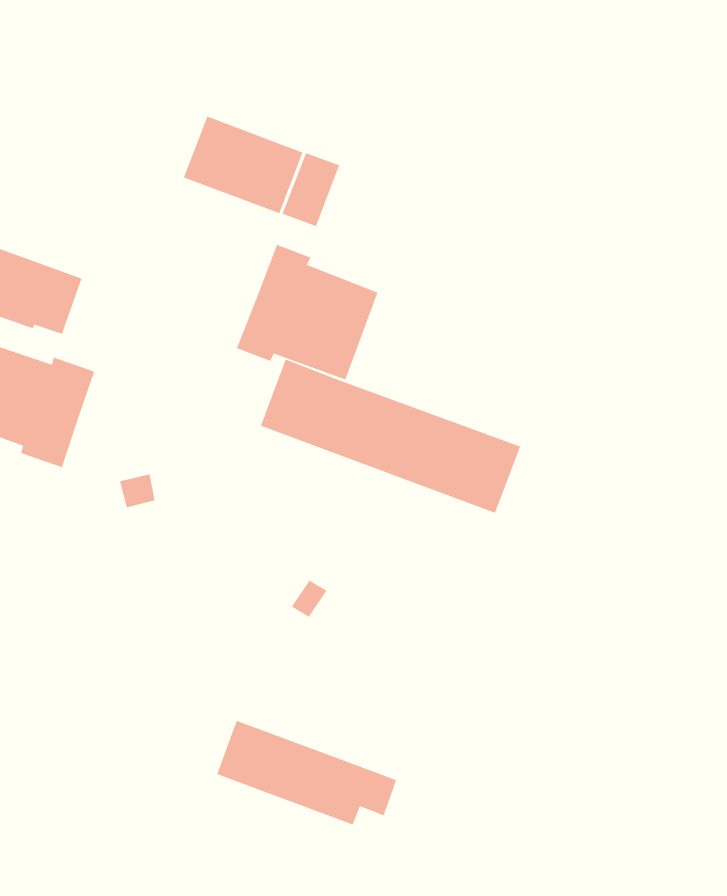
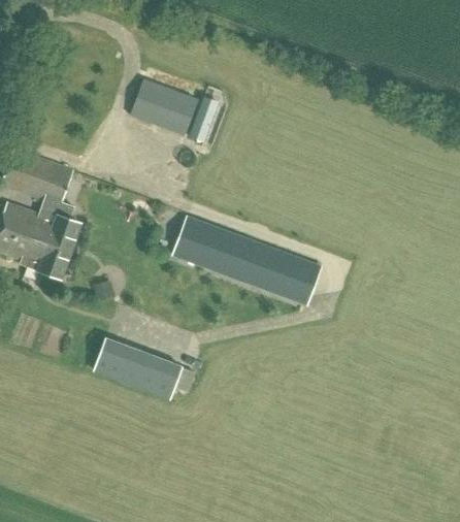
building: [236,244,378,380] -> none
building: [216,720,397,826] -> [94,338,196,398]

